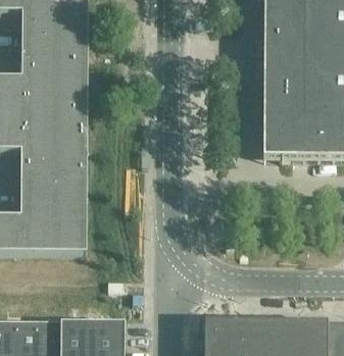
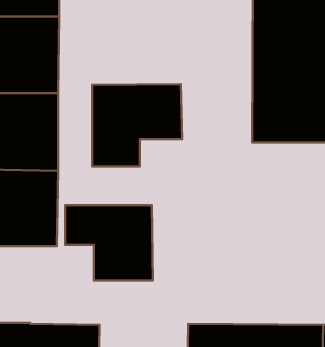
building: none -> [92,84,182,166]
building: none -> [65,205,153,280]

